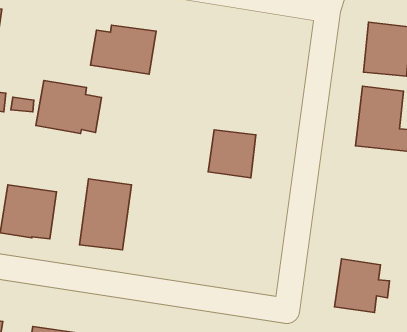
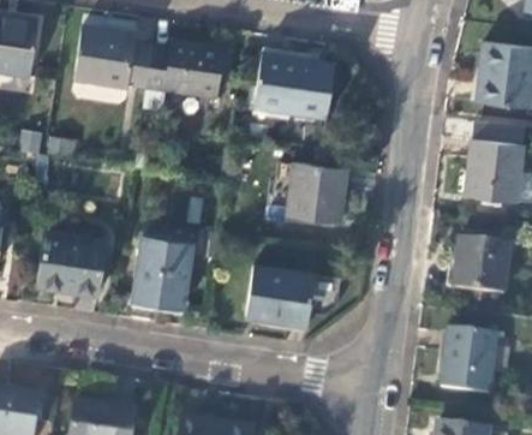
building: none -> [253,55,335,121]
building: [36,80,101,133] -> [73,28,153,91]
building: none -> [453,234,508,290]
building: none -> [245,269,315,329]

